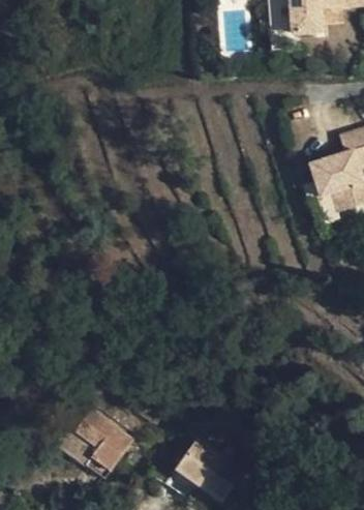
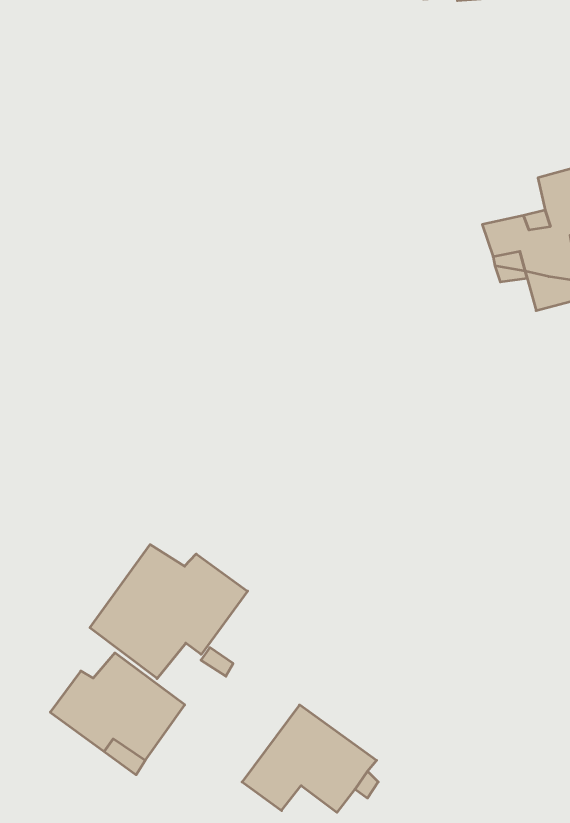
building: none -> [90,545,248,679]

